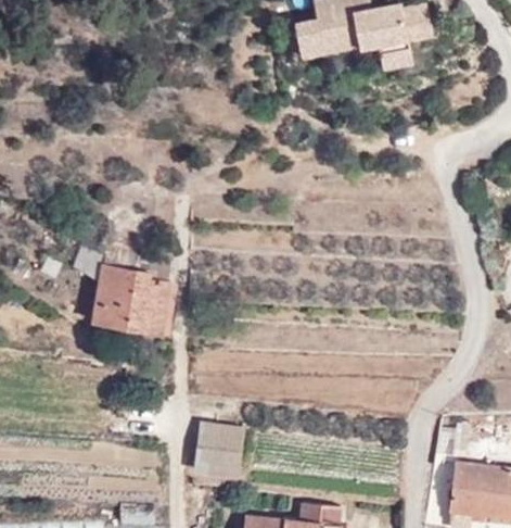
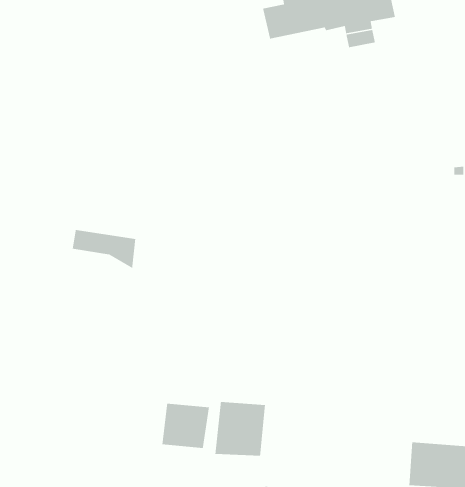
building: [92,272,164,338] -> none
building: none -> [215,401,266,457]

